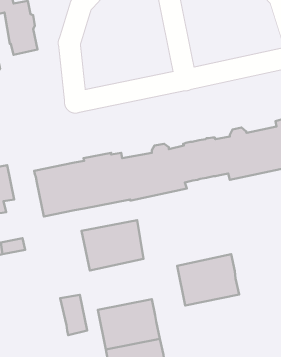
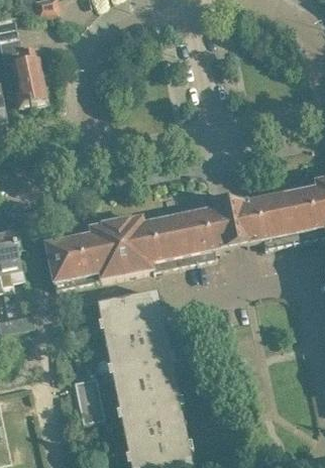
building: [177,254,239,305] -> [107,335,177,392]

